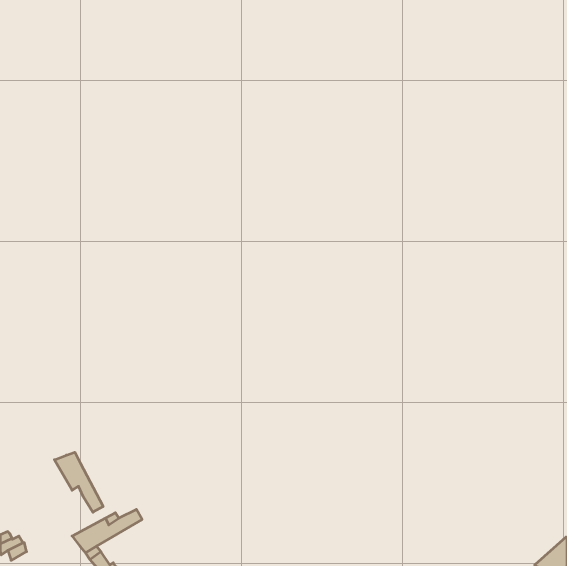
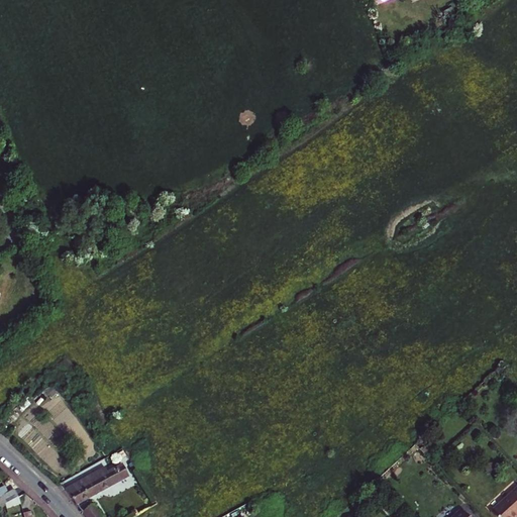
building: [54,452,103,512] -> none

